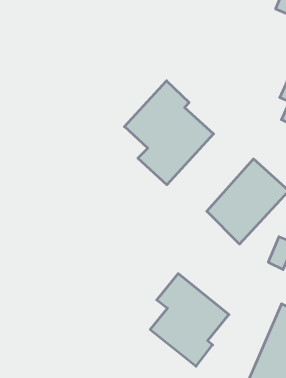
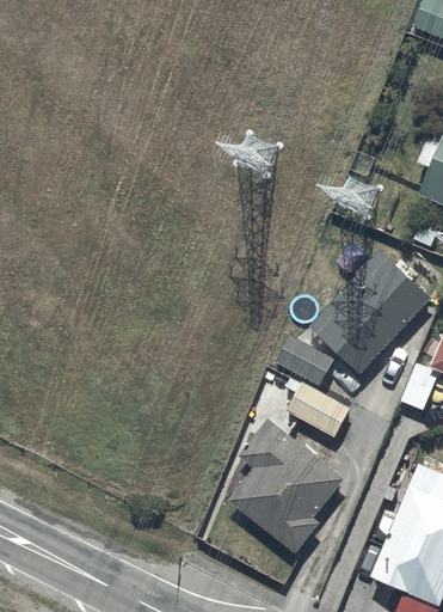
building: [124,81,214,185] -> none
building: none -> [277,337,350,439]

